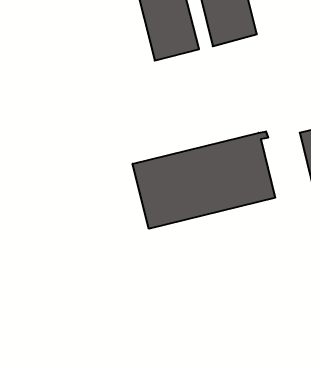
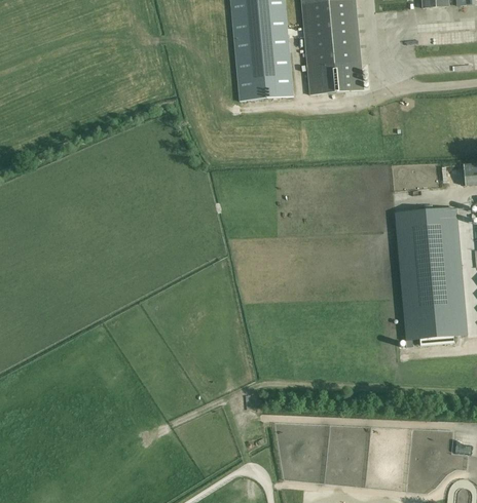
building: [133,131,275,229] -> none

